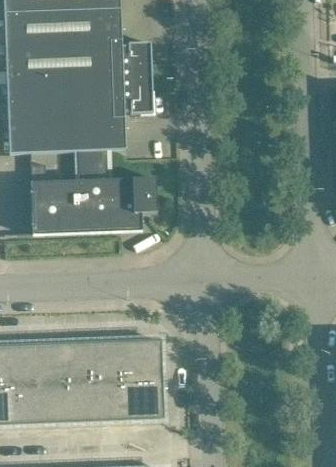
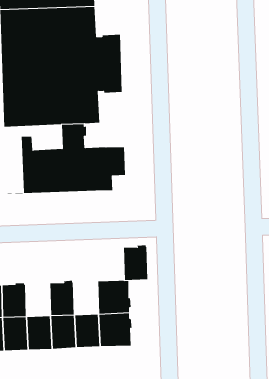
building: [94,338,124,381] -> [123,245,148,280]
building: [36,341,66,383] -> none

